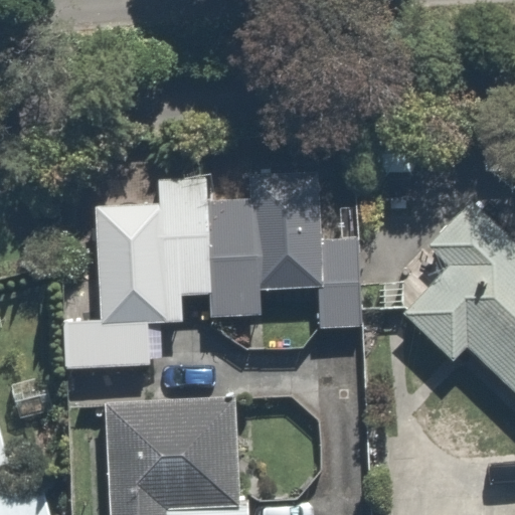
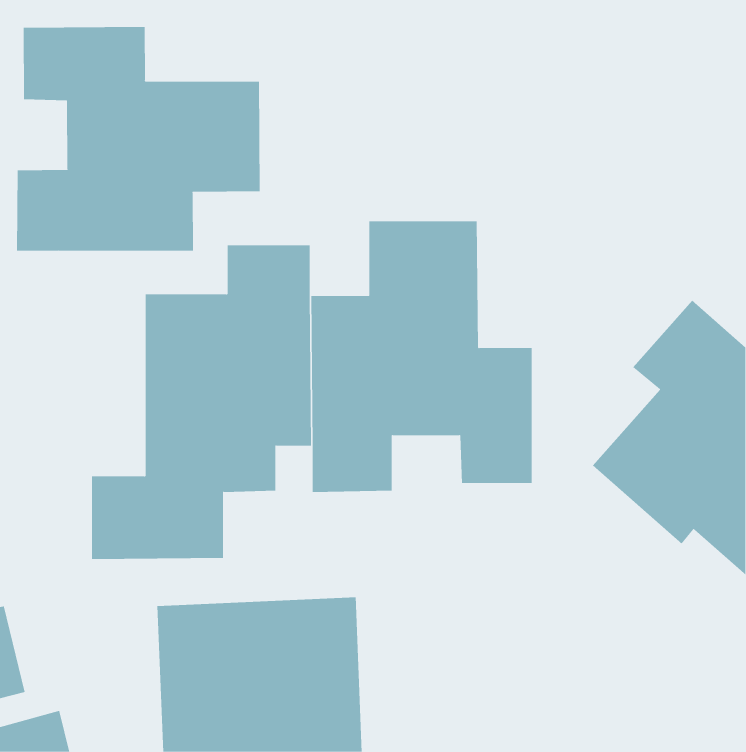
building: none -> [17,26,260,252]

